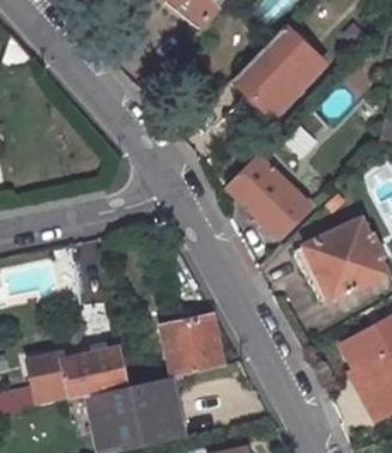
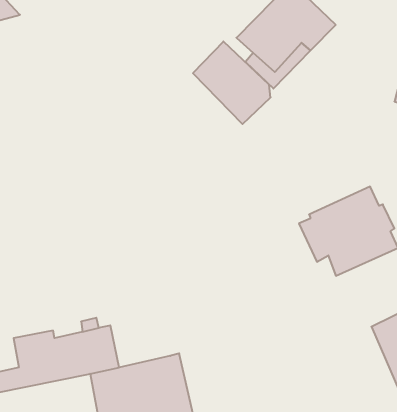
building: [230,158,303,236] -> [193,41,271,124]
building: [162,315,221,376] -> none

